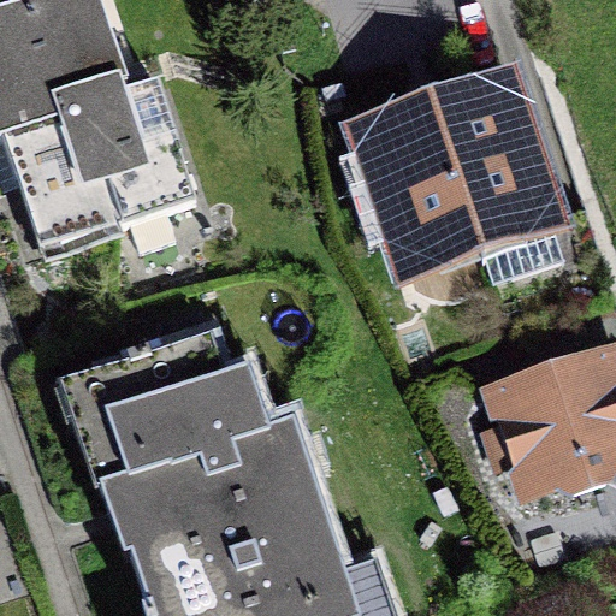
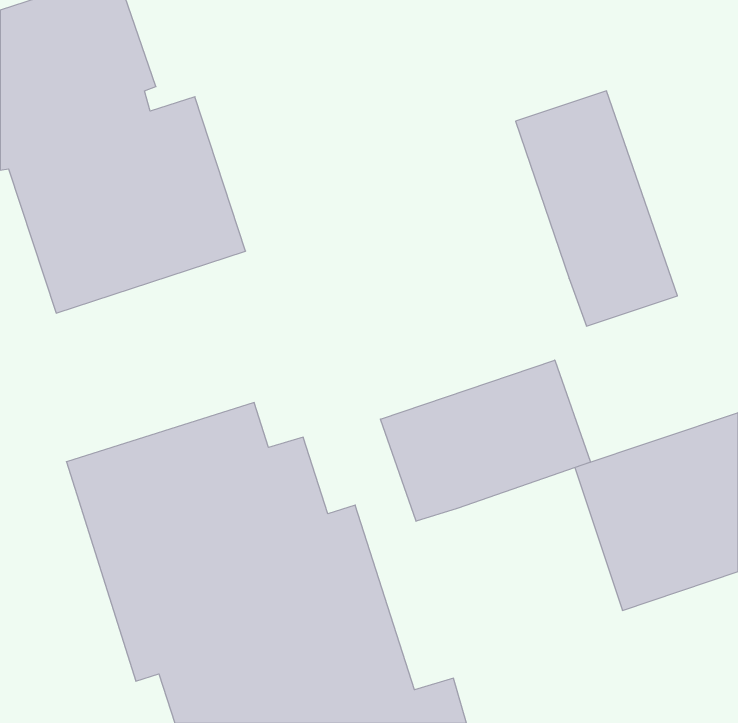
building: [353,101,474,259] -> none
building: none -> [380,360,590,521]

